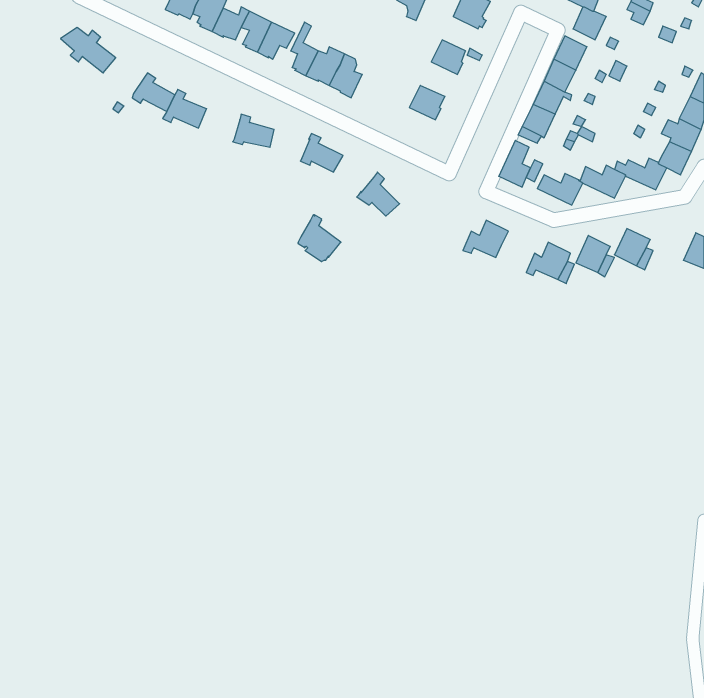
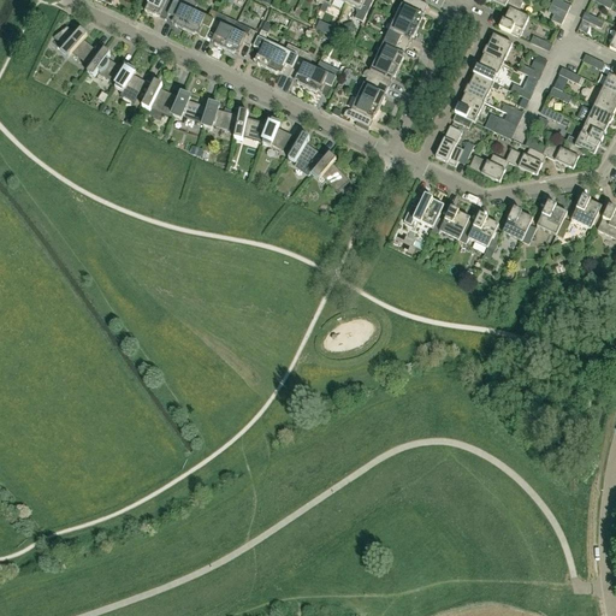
building: none -> [386,14,417,45]
building: none -> [88,47,126,82]
building: none -> [362,54,399,84]
building: none -> [307,65,339,94]
building: none -> [173,90,209,122]
building: none -> [344,94,380,124]
building: none -> [235,107,271,138]
building: [298,215,341,262] -> [289,131,326,172]
building: none -> [571,194,602,226]
building: none -> [431,206,470,238]

